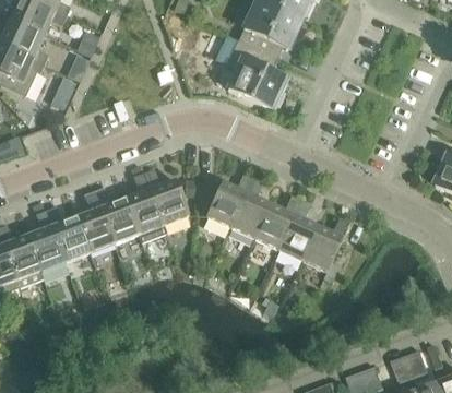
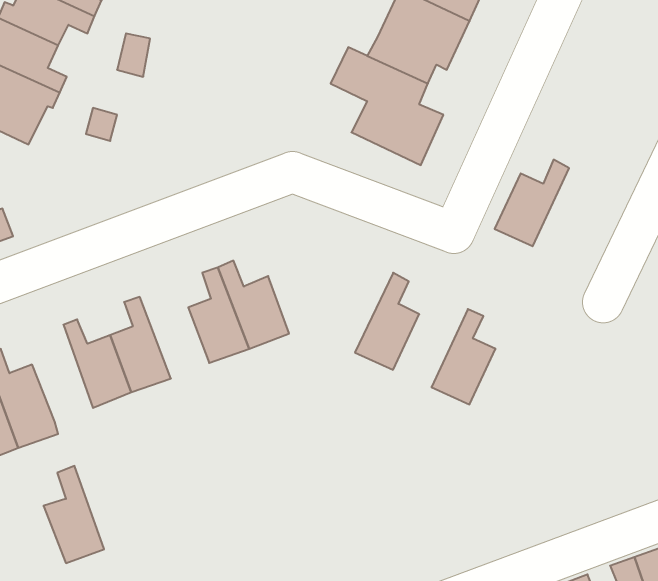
building: [206,172,254,227] -> none
building: [95,188,139,243] -> none
building: [254,194,301,249] -> [495,160,569,246]
building: [27,210,66,271] -> [43,466,104,563]
building: [302,217,350,272] -> none

